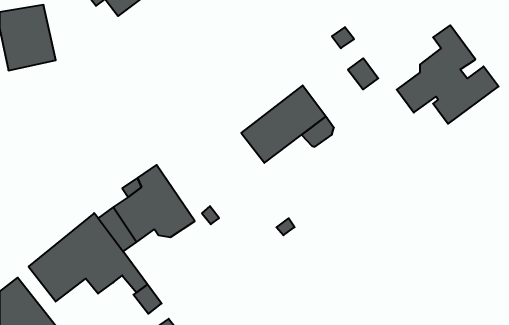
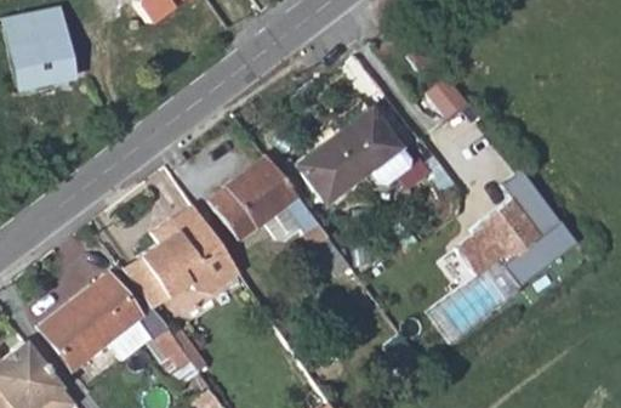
building: [397,25,499,124] -> [455,168,577,287]
building: none -> [211,154,349,274]

